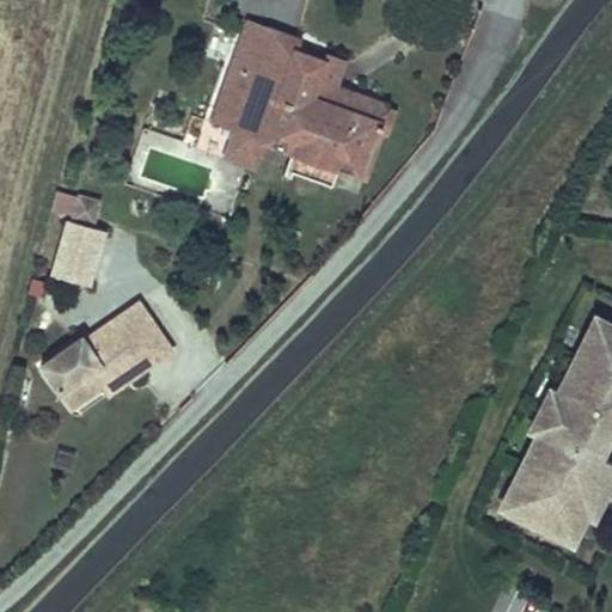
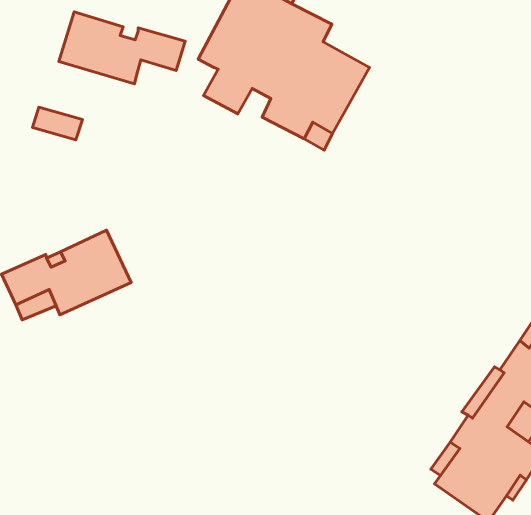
building: none -> [59,12,185,84]
building: [53,222,105,287] -> none

